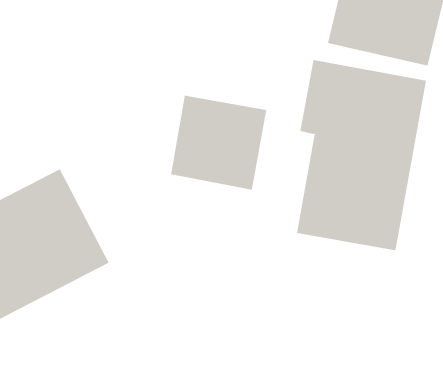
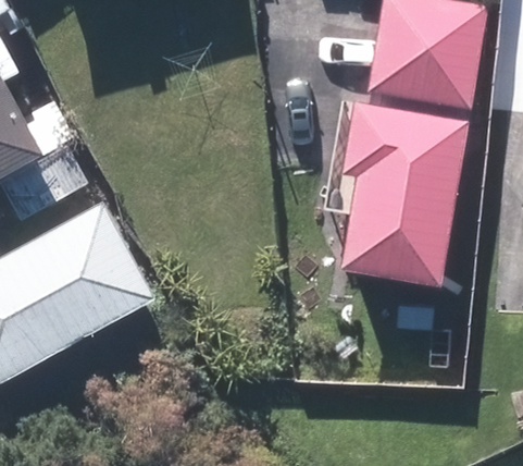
building: [170,95,267,191] -> none

